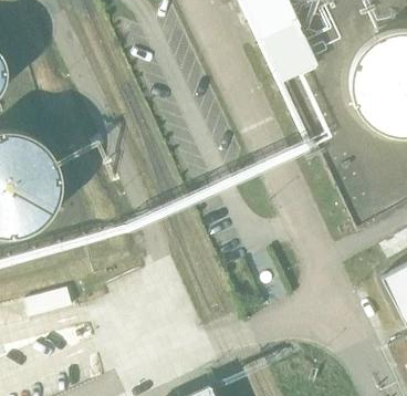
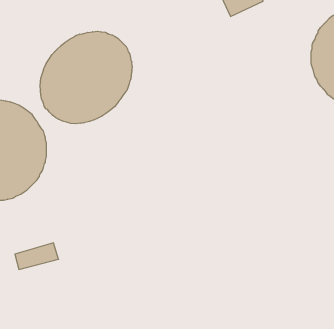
building: none -> [40,31,132,124]

